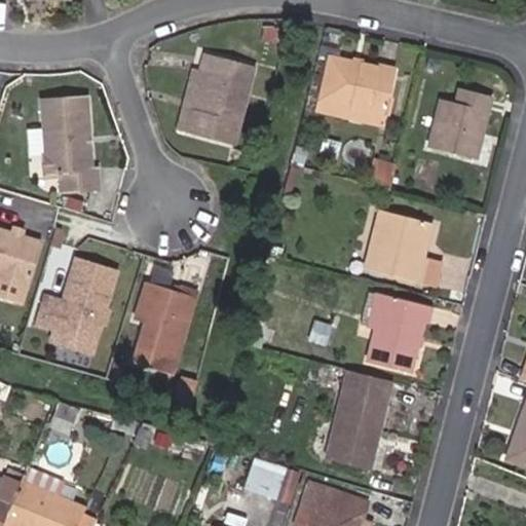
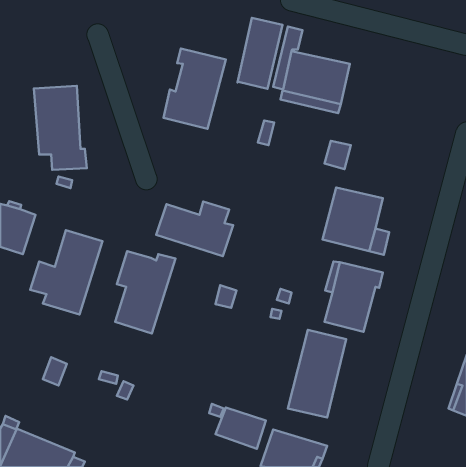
building: none -> [237,18,283,89]
building: [427,88,491,159] -> none
building: none -> [156,201,233,256]

